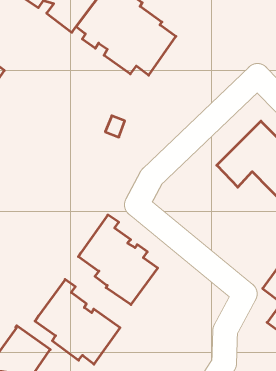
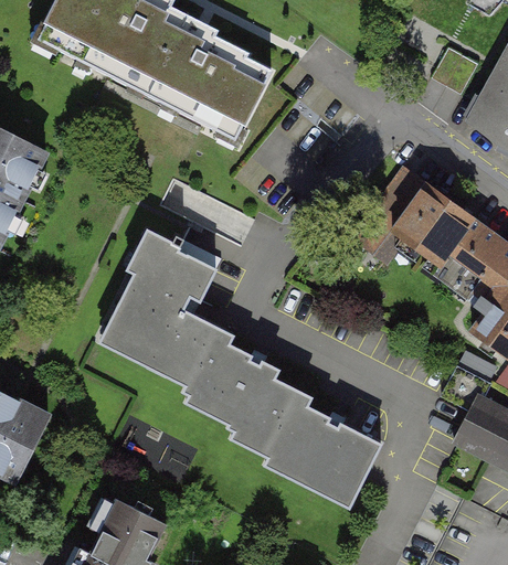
building: none -> [106,232,216,385]
building: [35,279,120,364] -> [264,390,381,499]

